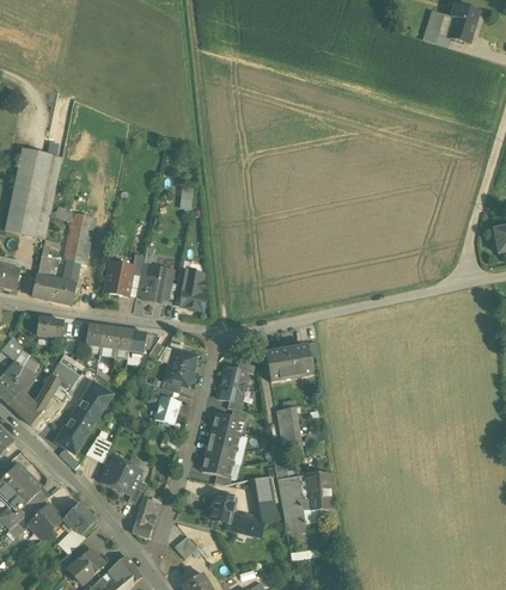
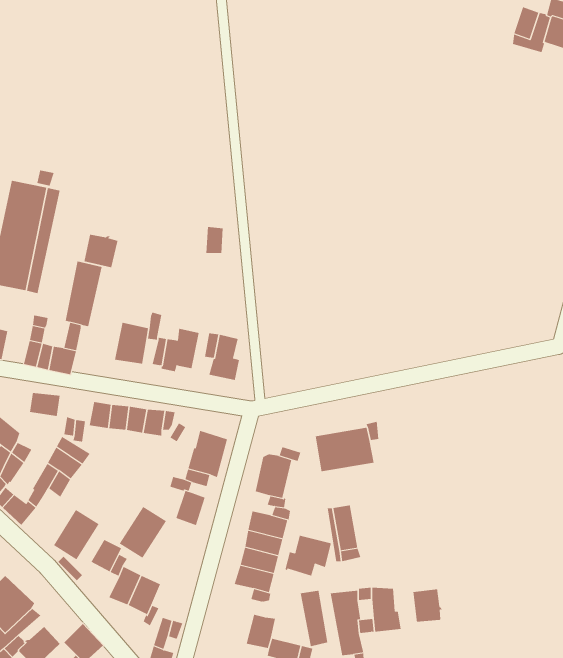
building: none -> [84,234,118,268]
building: [74,381,112,423] -> [119,506,167,558]
building: none -> [285,535,331,576]
building: none -> [413,589,442,623]

